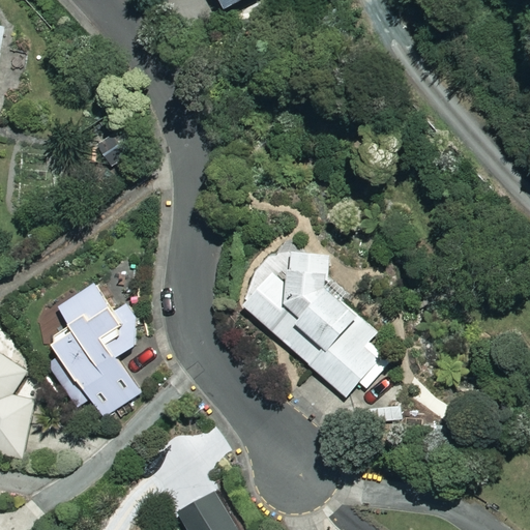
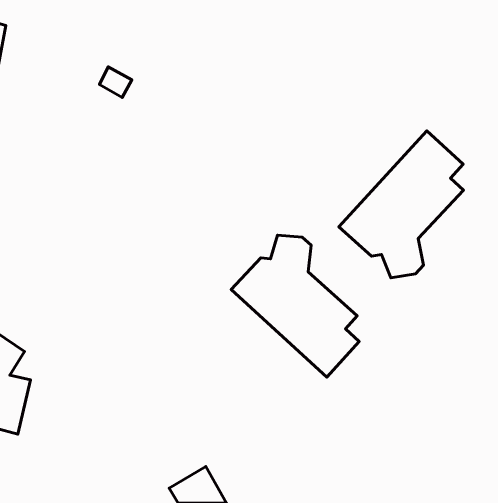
building: none -> [339,131,464,278]
building: [49,282,141,416] -> none

